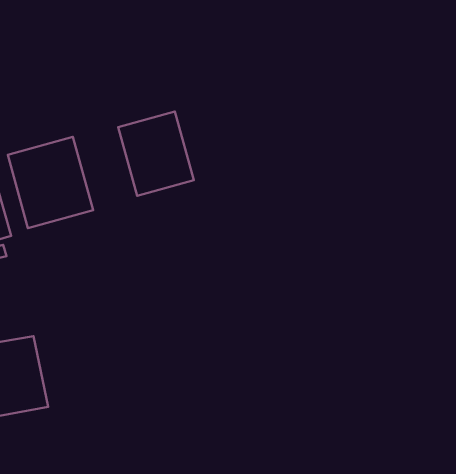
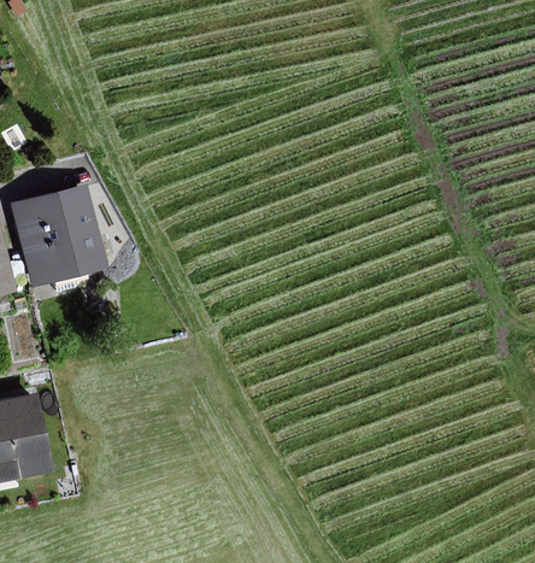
building: [118,111,194,196] -> none

